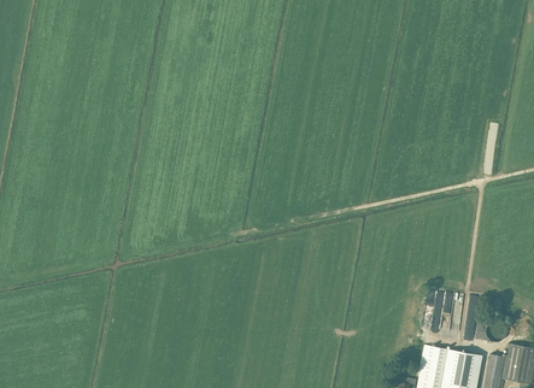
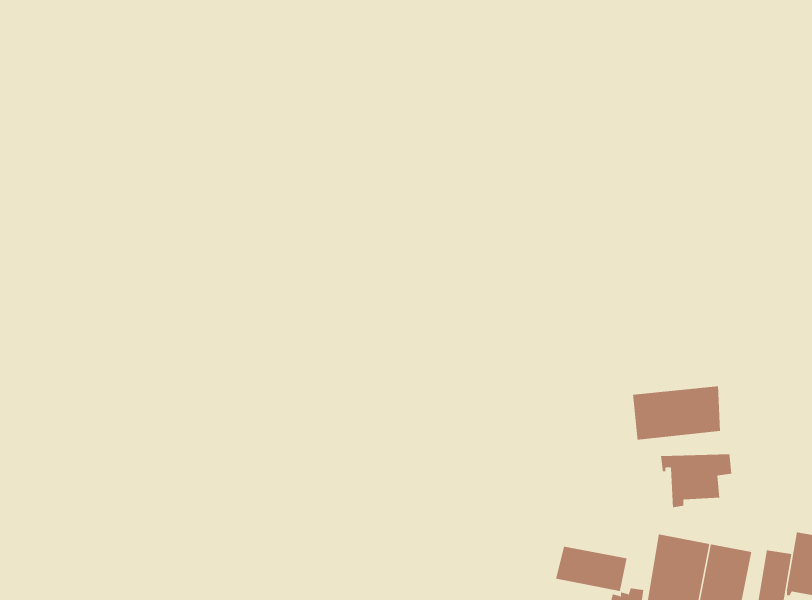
building: none -> [633,386,720,440]
building: none -> [555,546,627,592]

